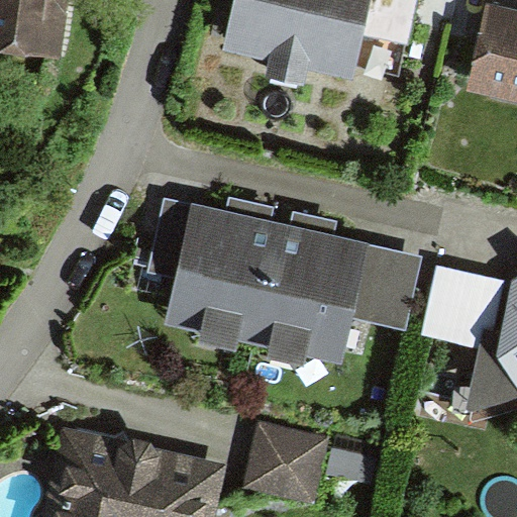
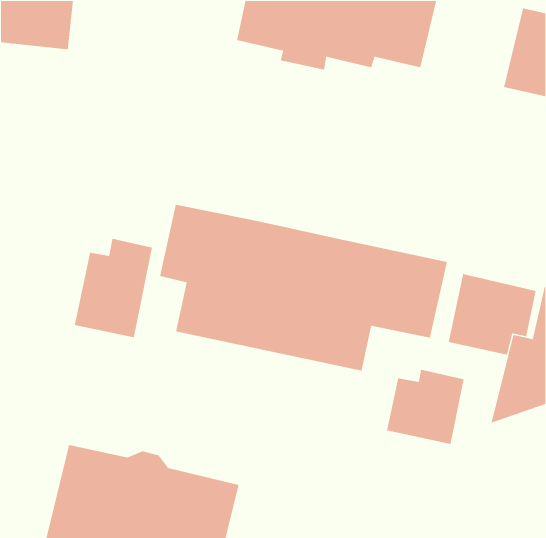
building: none -> [74,238,153,338]
building: none -> [386,369,464,445]
building: [243,423,327,500] -> none

